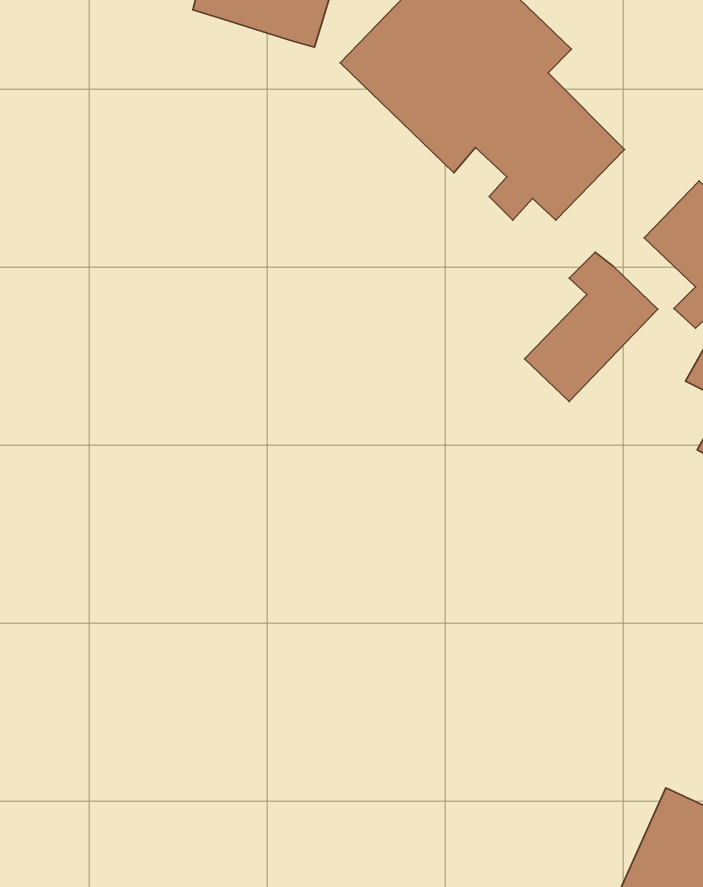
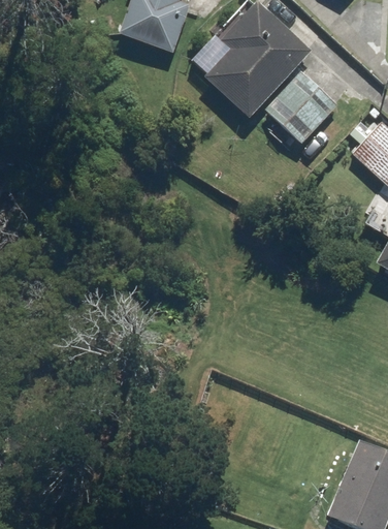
building: [525,252,658,402] -> none

